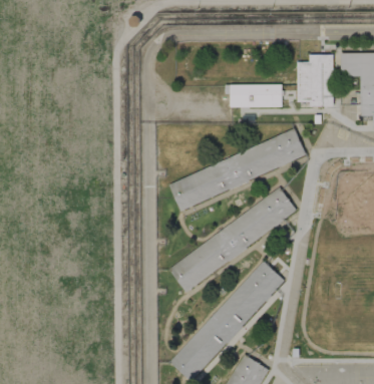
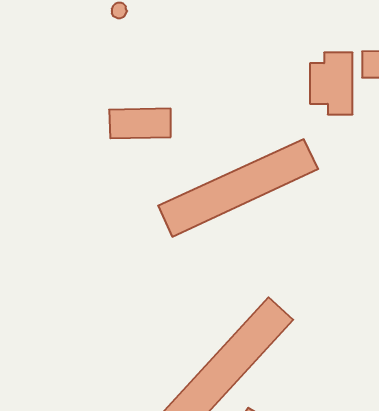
building: [230,83,282,108] -> [109,109,171,138]
building: [171,187,296,291] -> none

